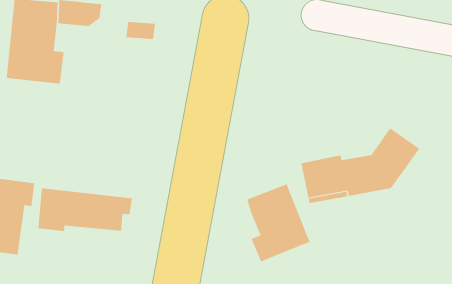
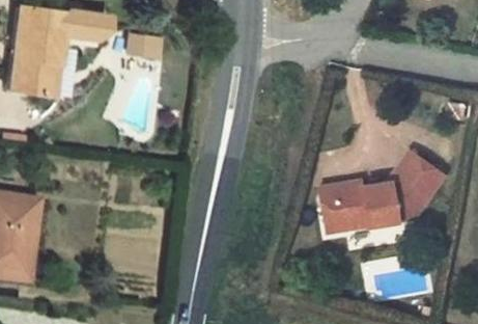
building: [246,183,310,262] -> none
building: [38,187,132,232] -> none

